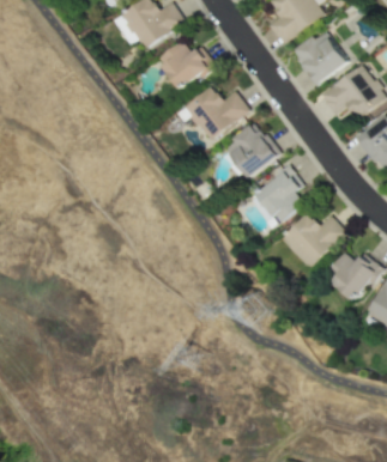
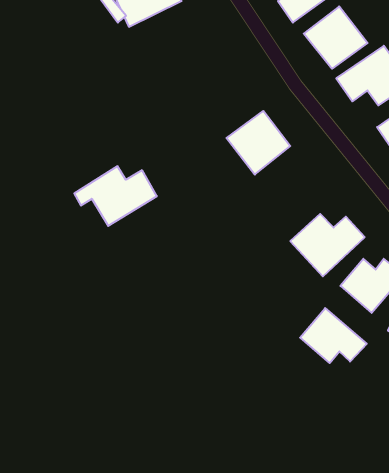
building: [157,41,213,90] -> none
building: [176,87,249,140] -> [74,166,157,226]
building: [248,168,303,220] -> none
building: none -> [300,308,367,363]

